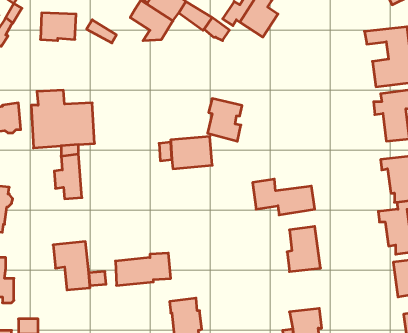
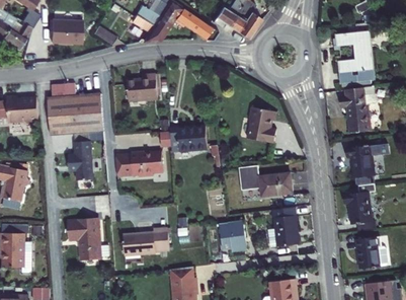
building: none -> [123,74,153,101]
building: [208,99,242,141] -> [242,105,272,143]
building: none -> [111,151,159,177]
building: none -> [218,222,244,250]

